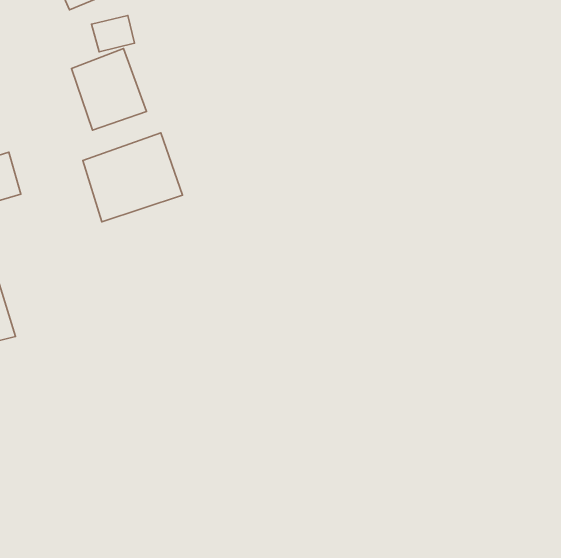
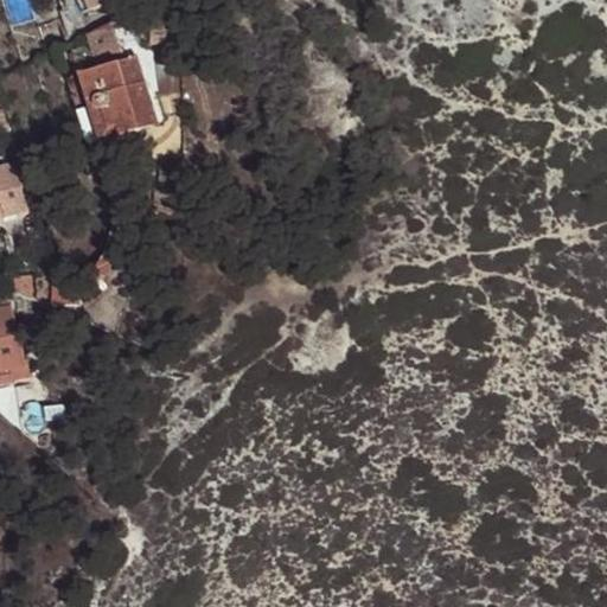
building: [83,133,183,222] -> none

